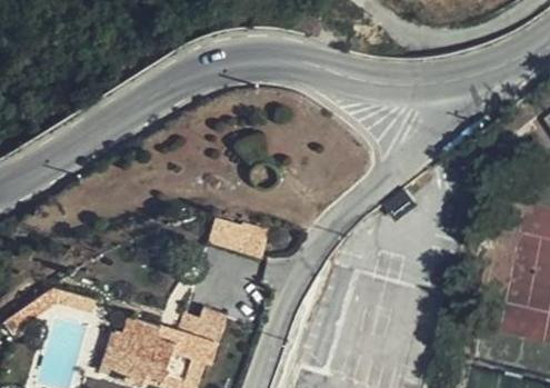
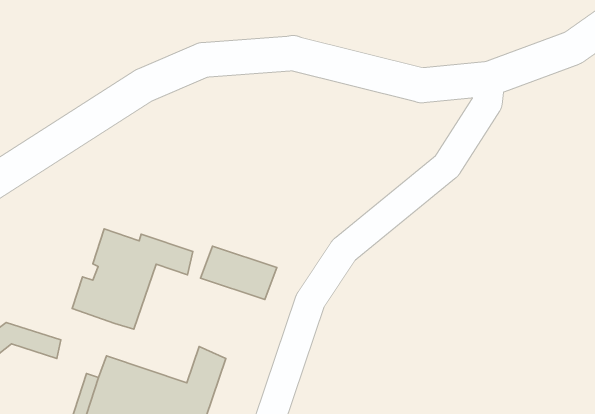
building: none -> [72,229,193,329]

